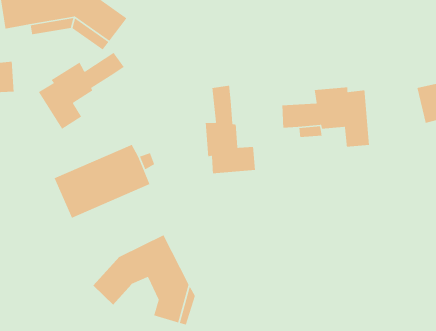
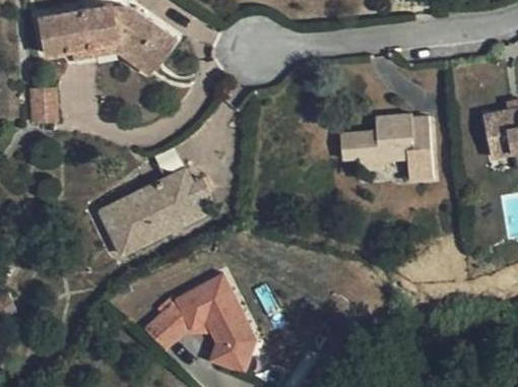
building: [38,52,125,130] -> none
building: [205,85,256,174] -> none

